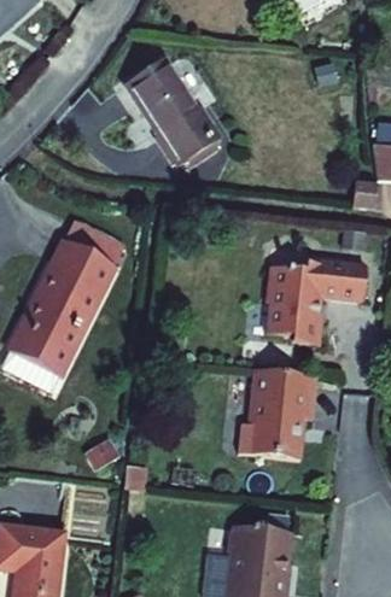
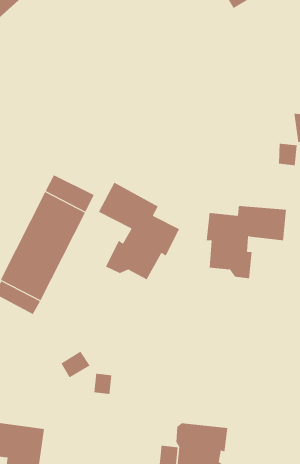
building: [126,58,223,165] -> none
building: none -> [98,182,180,280]
building: [240,369,319,460] -> none

